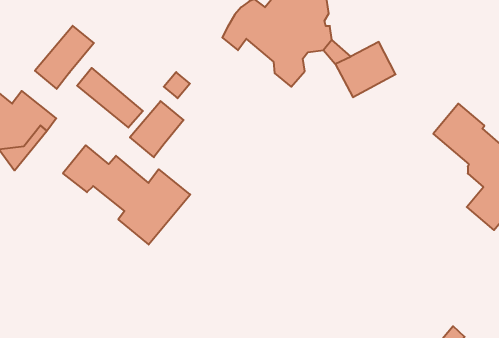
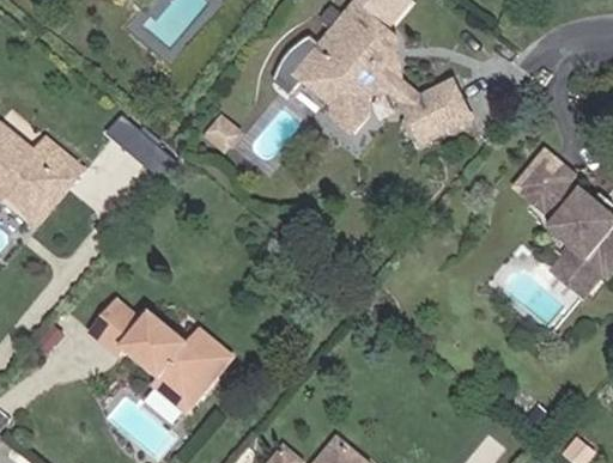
building: [35,26,94,89] -> none
building: [130,101,184,157] -> none
building: [63,145,190,245] -> [87,300,233,414]

